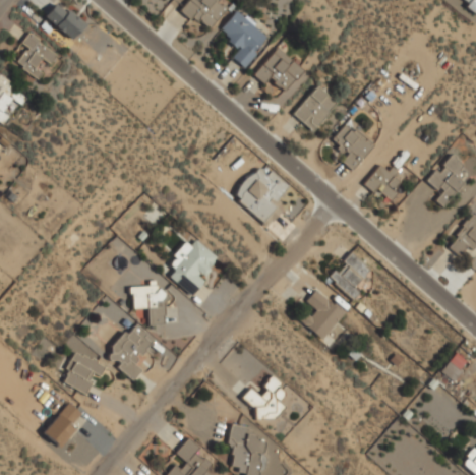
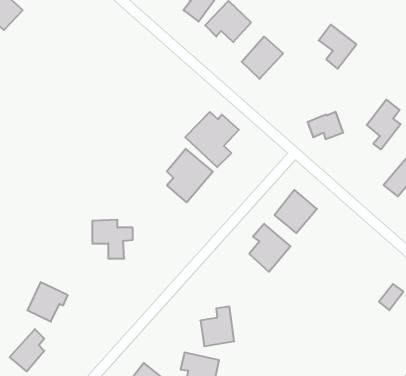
building: [334,123,374,171] -> [319,25,356,69]
building: [170,237,220,295] -> [167,149,213,202]
building: [107,321,157,376] -> none

